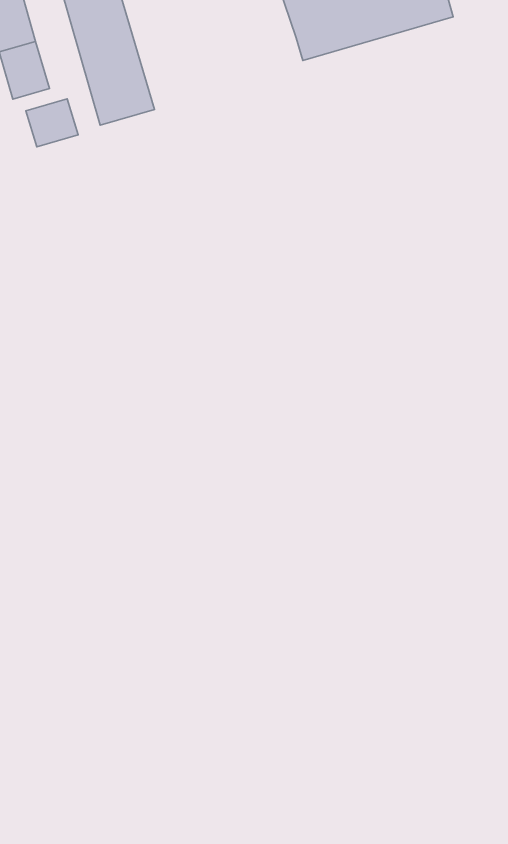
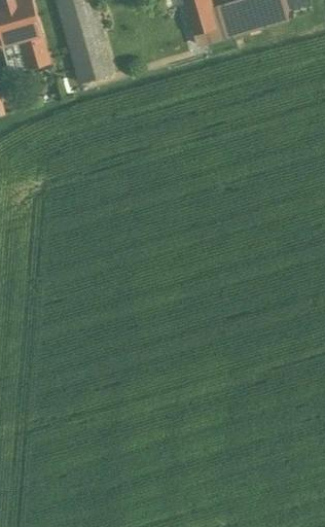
building: [26,99,78,147] -> none

